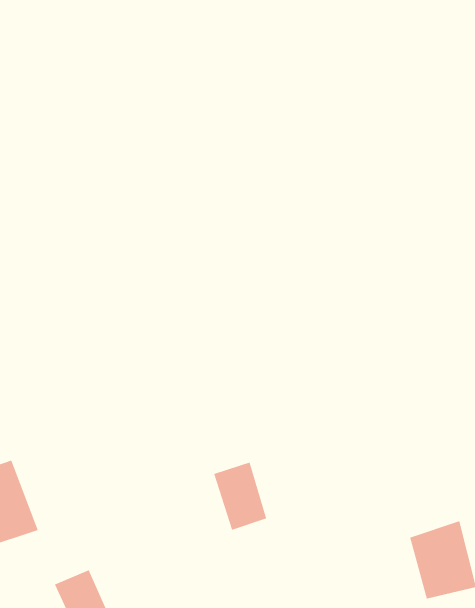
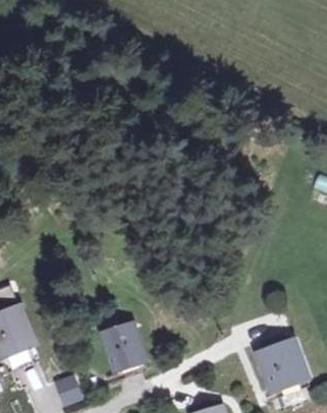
building: [213,462,267,531] -> [106,327,139,368]

